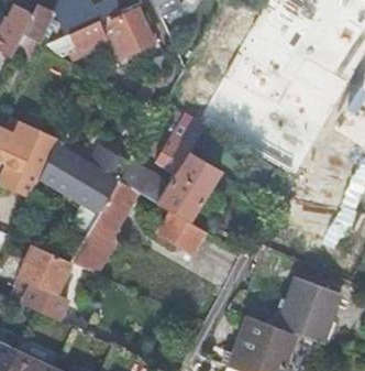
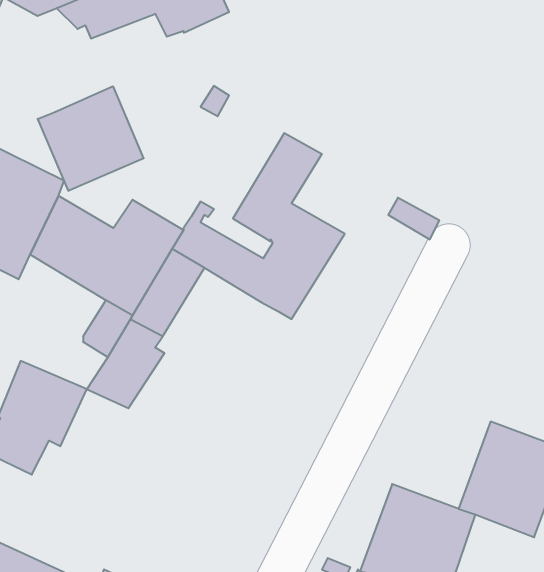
building: none -> [38,86,144,191]
building: [155,210,208,262] -> none

